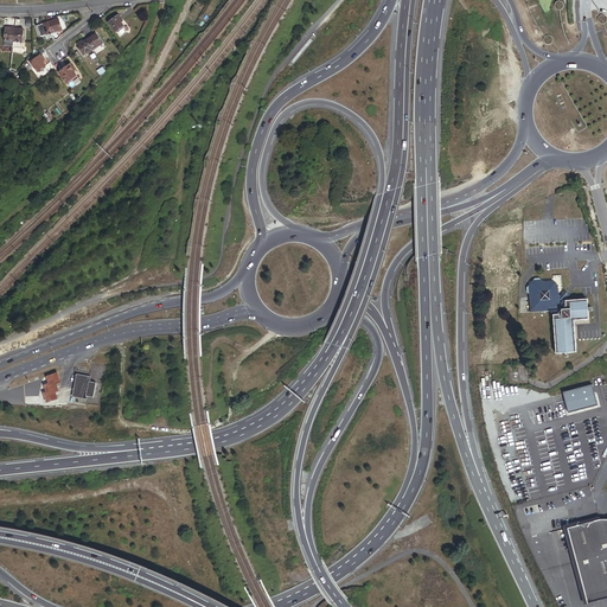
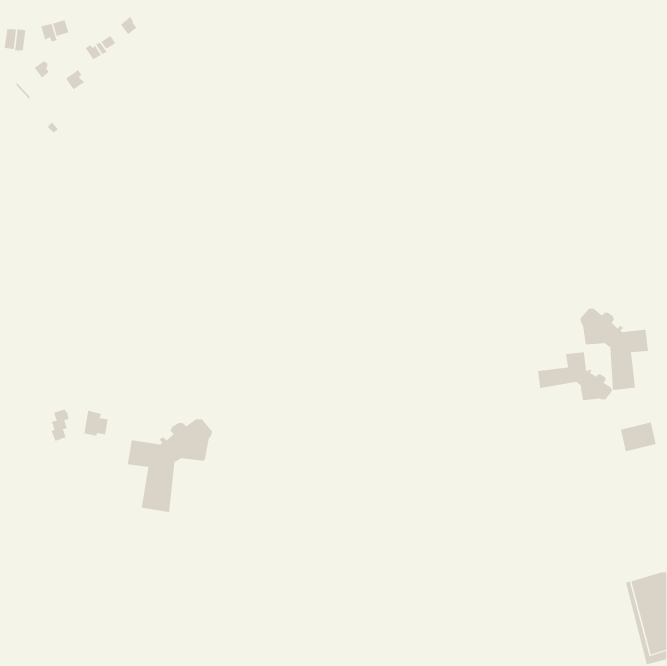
building: none -> [538,351,612,401]
building: none -> [127,419,213,513]

